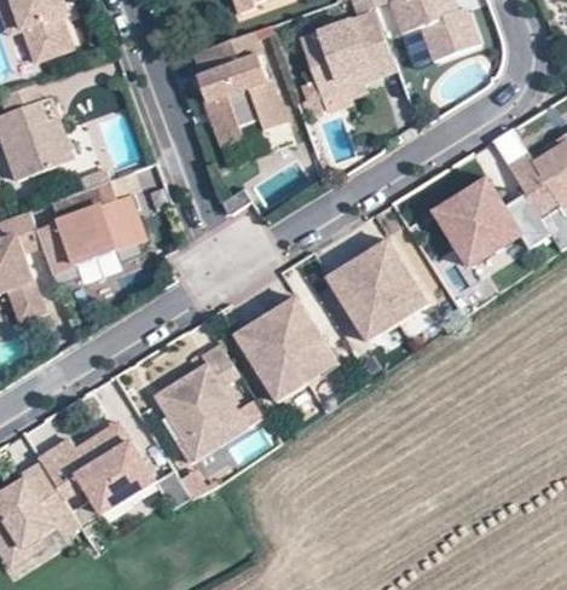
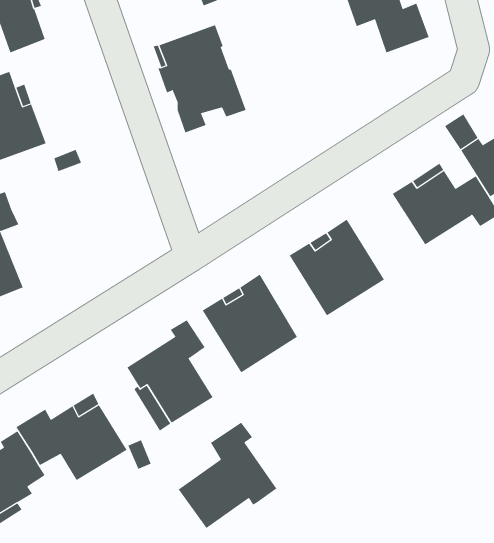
building: [297,12,392,96] -> none
building: [34,191,143,284] -> none
building: none -> [178,422,277,529]

